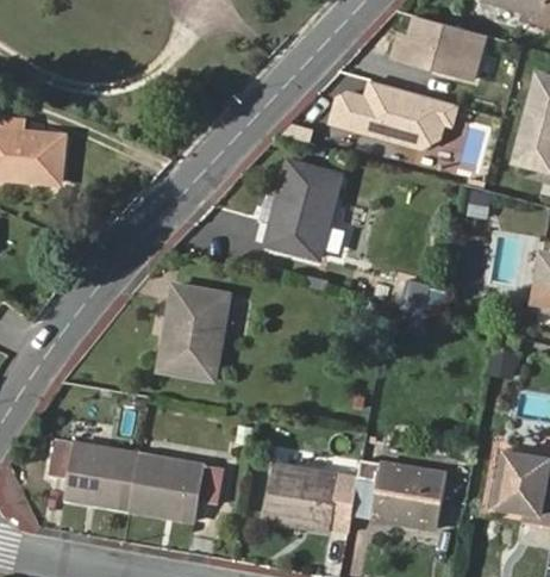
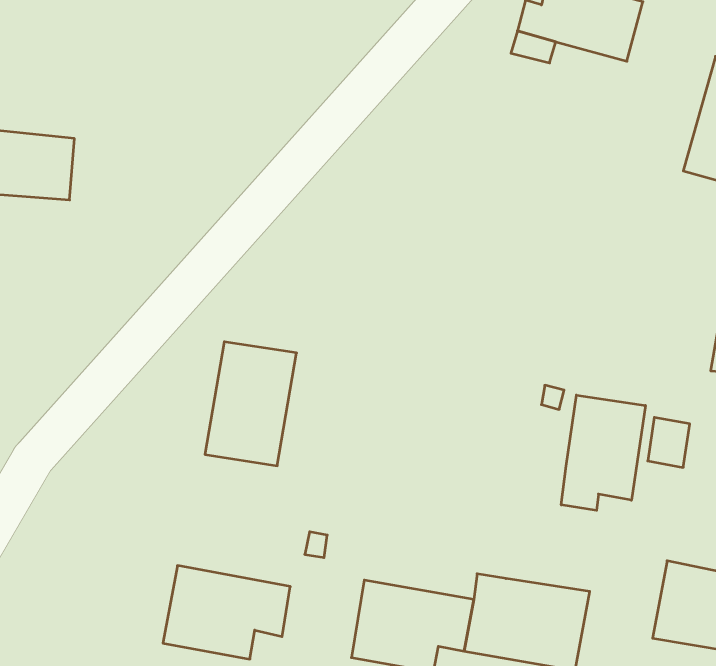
building: [331,81,457,149] -> none
building: [268,163,339,258] -> none
building: none -> [561,395,645,510]
building: [50,439,140,510] -> none

